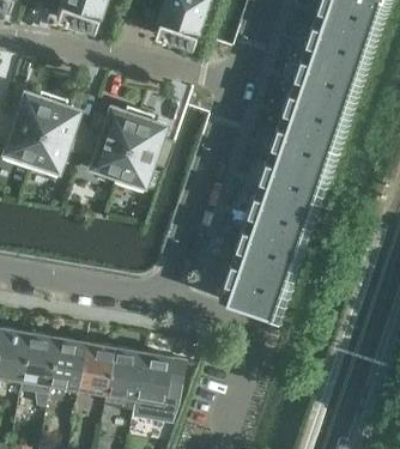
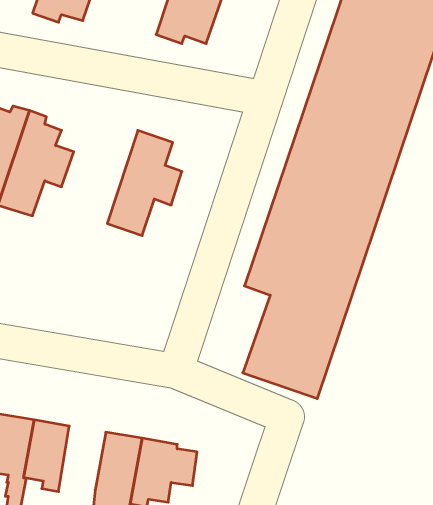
building: [79,105,139,183] -> none
building: [77,342,114,396] -> none

